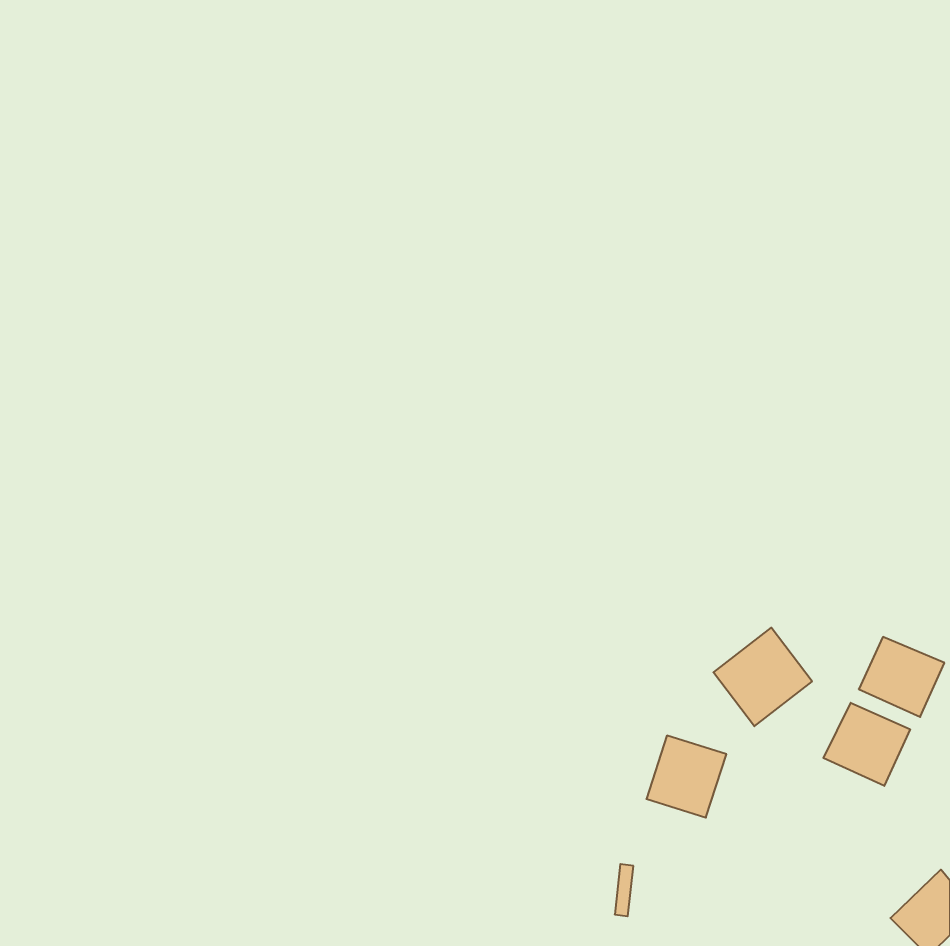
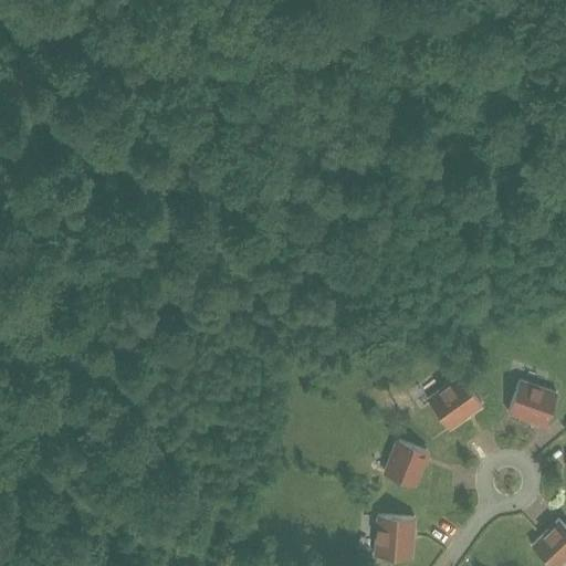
building: [823,703,910,786] -> none
building: none -> [378,516,413,558]

